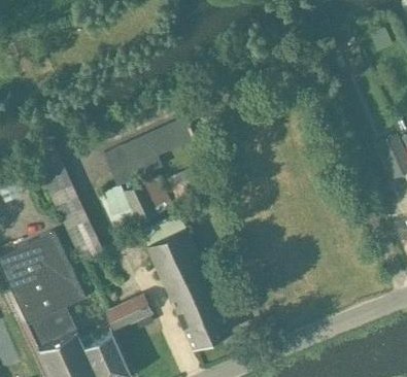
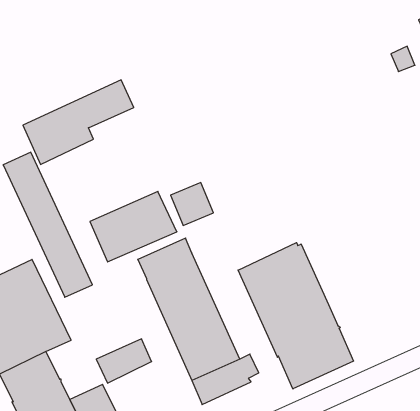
building: [104,117,195,186] -> [23,80,134,164]
building: none -> [238,243,354,389]

